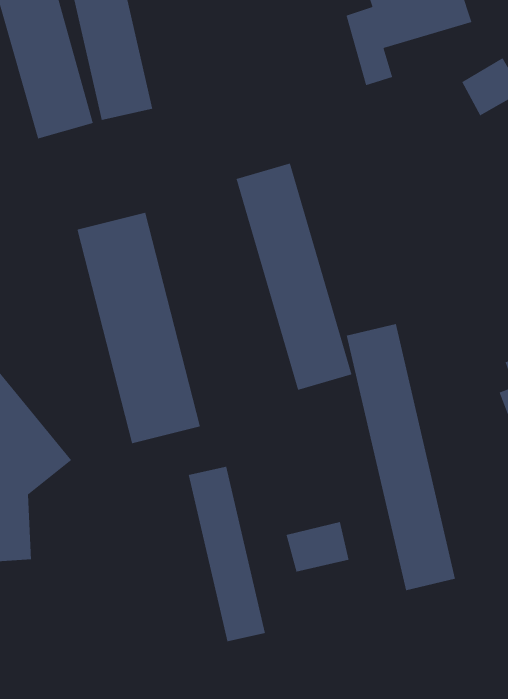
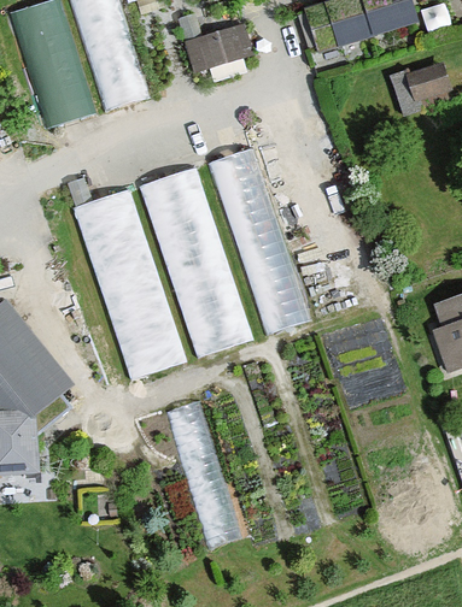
building: none -> [185,22,252,70]
building: none -> [142,164,252,358]
building: [346,323,456,591] -> none
building: [285,521,350,573] -> none

